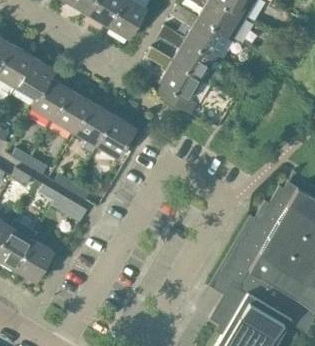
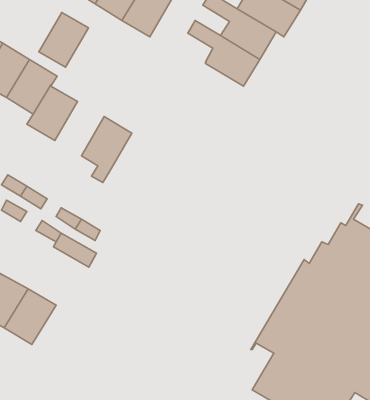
building: [145,47,202,114] -> none
building: [53,90,92,133] -> [39,13,88,67]
building: [96,115,136,159] -> none

